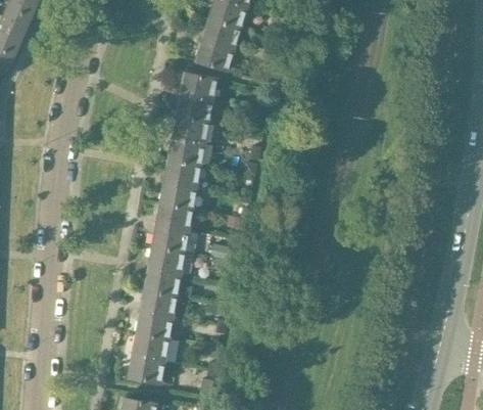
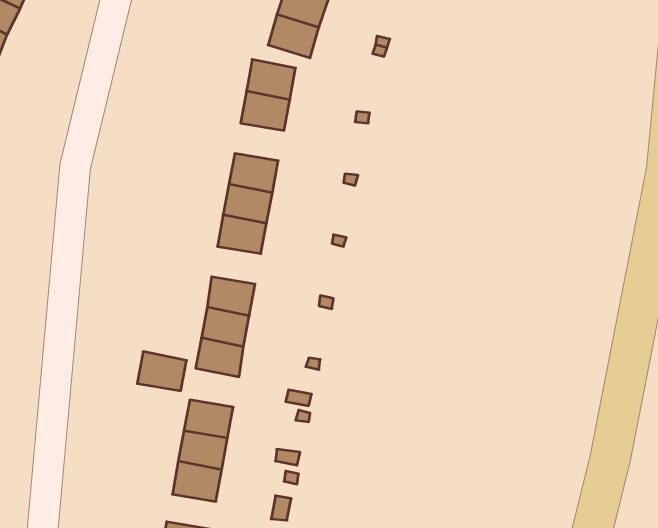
building: [175,117,209,143] -> none
building: [158,203,193,230] -> none
building: [143,289,178,317] -> [137,352,187,391]

